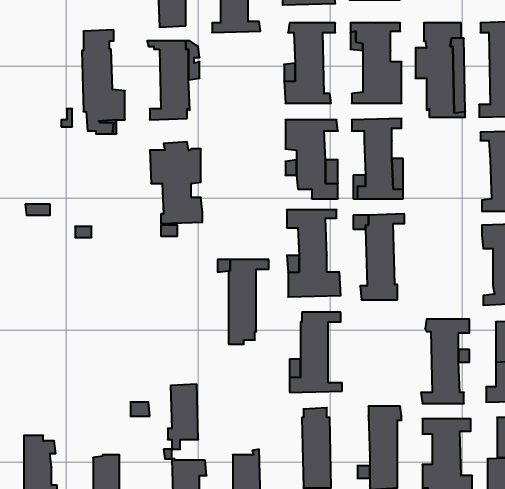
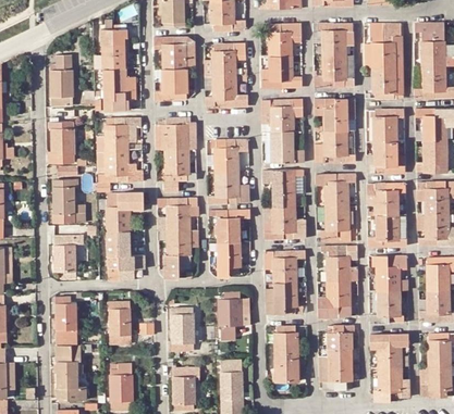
building: none -> [205,43,246,106]
building: none -> [50,54,71,105]
building: none -> [366,110,404,174]
building: none -> [95,117,143,181]
building: none -> [48,122,73,162]
building: none -> [207,140,248,206]
building: none -> [52,179,74,223]
building: none -> [366,183,406,247]
building: none -> [97,192,144,280]
building: none -> [157,199,196,278]
building: none -> [53,231,75,278]
building: none -> [316,246,356,317]
building: none -> [218,291,240,340]
building: none -> [54,297,76,344]
building: none -> [108,301,130,344]

